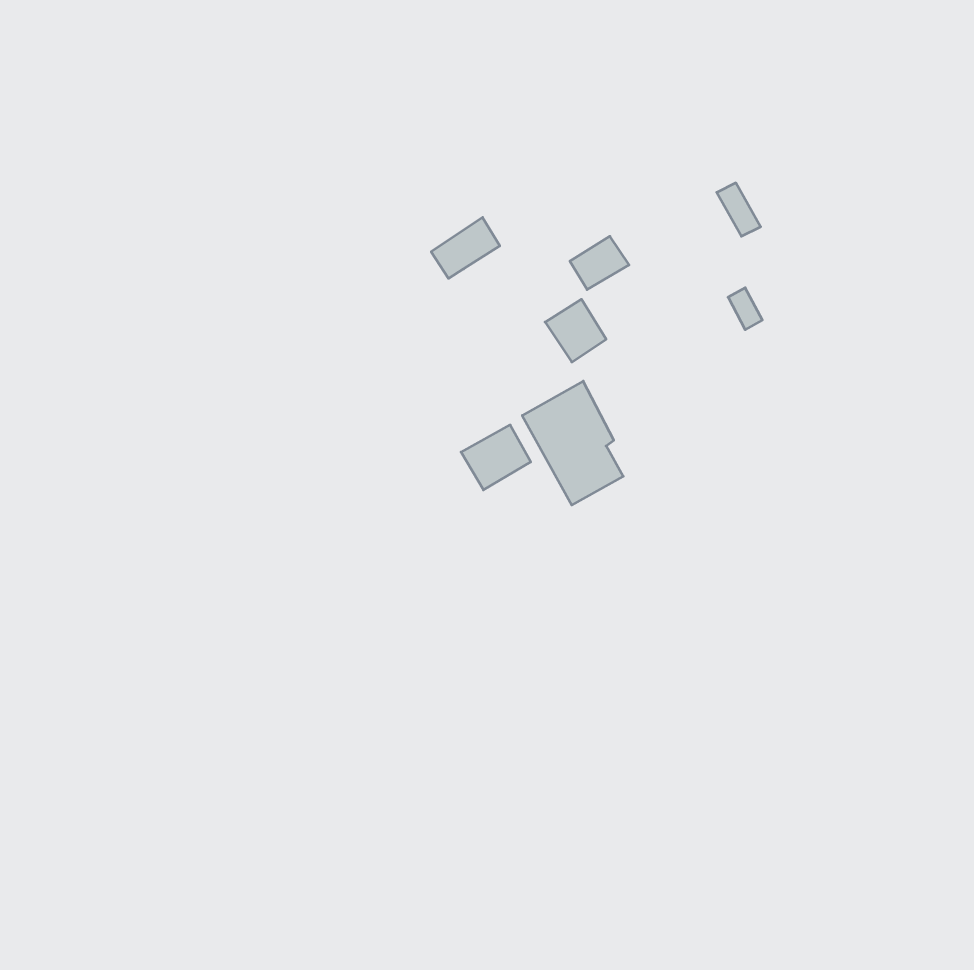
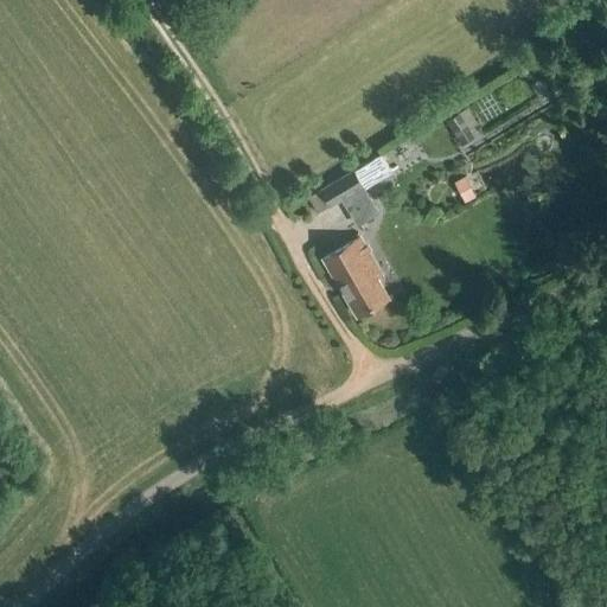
building: [431,217,500,278] -> [319,171,362,209]
building: [461,425,531,490] -> none

